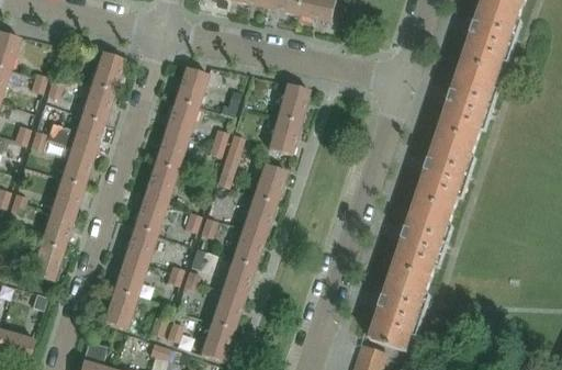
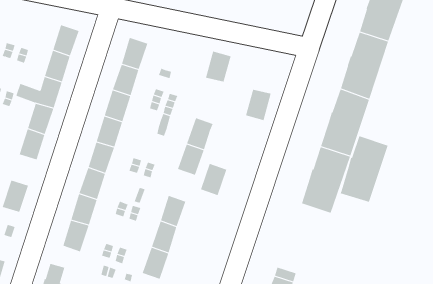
building: [268,116,300,155] -> [245,89,271,121]
building: [41,210,72,247] -> none
building: [232,227,265,267] -> [200,163,227,196]
building: [370,269,429,350] -> [340,136,389,202]

